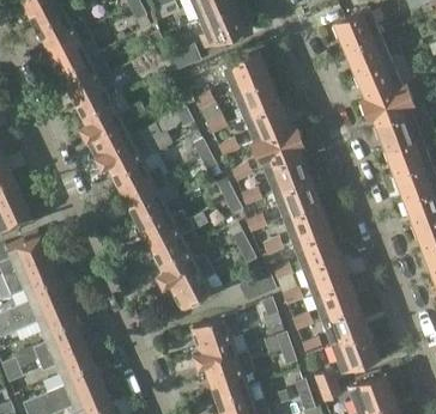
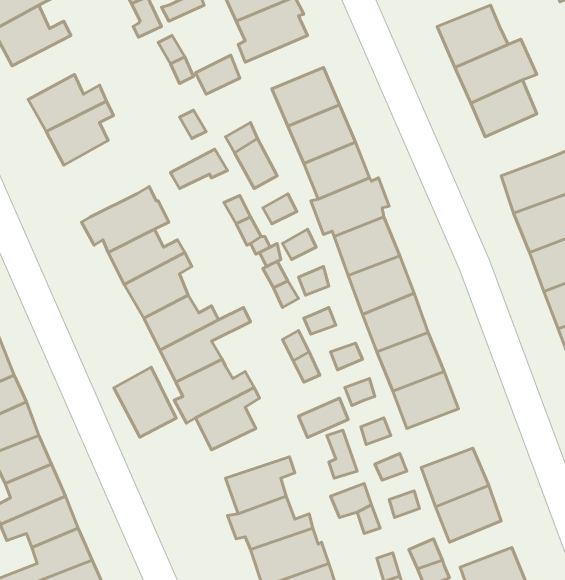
building: [48,31,98,74] -> none
building: [362,83,413,126] -> none
building: [80,97,144,147] -> none
building: none -> [114,367,176,437]
building: [314,282,358,322] -> none

